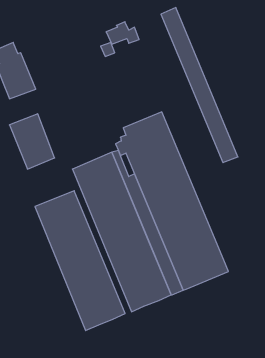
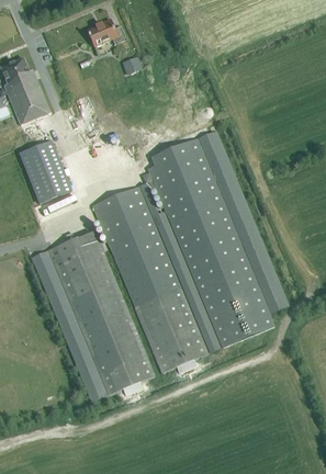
building: [161,8,238,163] -> [196,131,286,312]
building: [106,22,139,44] -> [88,19,126,45]
building: none -> [32,249,108,400]

